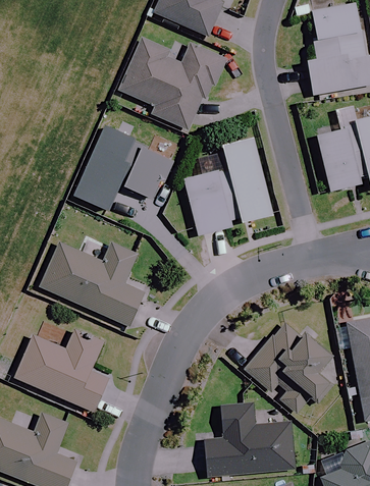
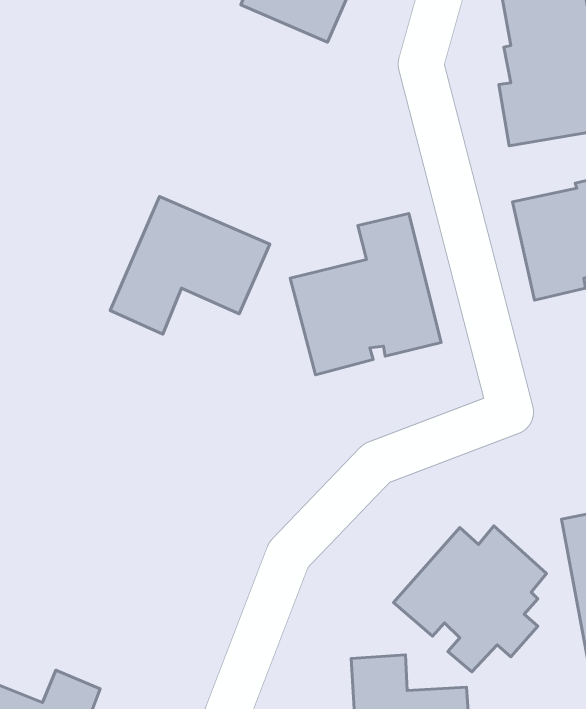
building: [118,37,226,129] -> none
building: [40,241,144,327] -> none
building: [15,328,107,411] -> none

